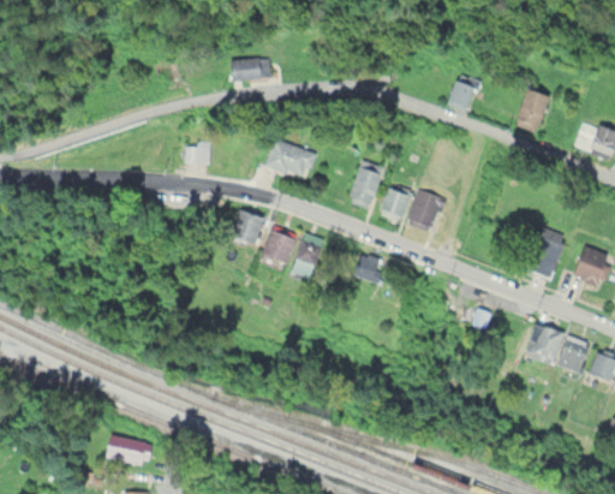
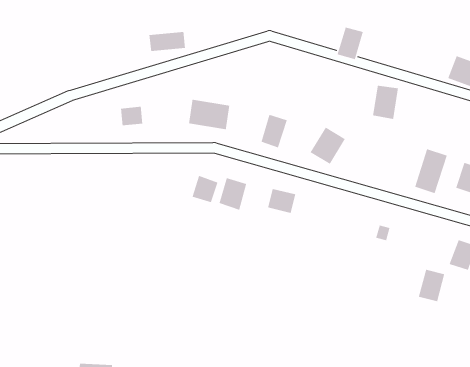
building: [514,89,549,132] -> [372,85,399,120]
building: [378,186,411,222] -> none
building: [228,209,264,248] -> none
building: [527,325,562,365] -> [418,269,445,302]

